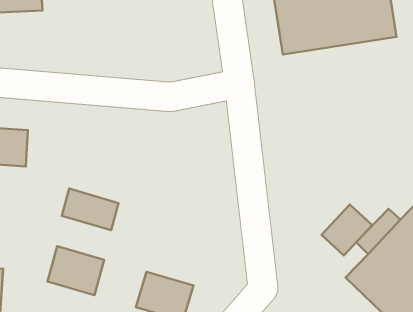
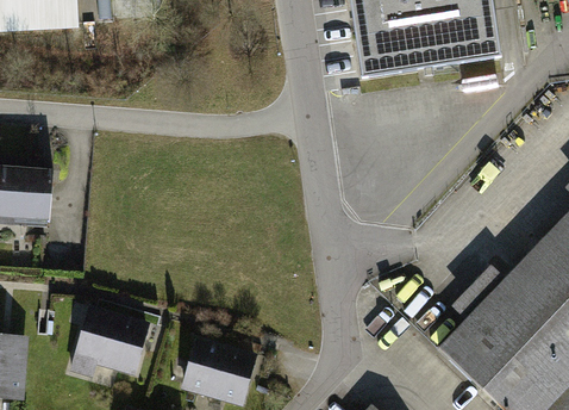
building: [62,189,119,230] -> none
building: [321,205,372,255] -> none

